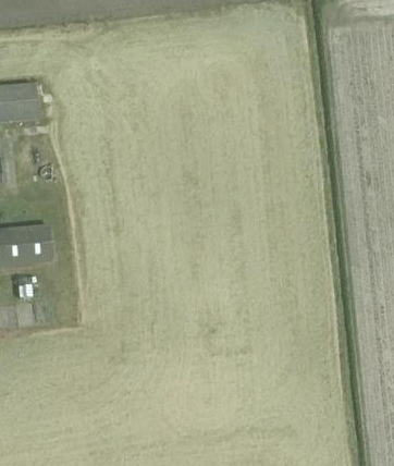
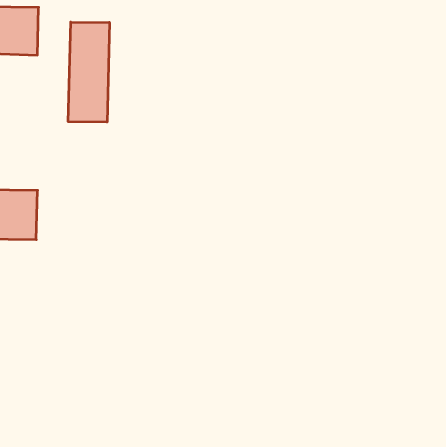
building: none -> [68,22,109,122]

